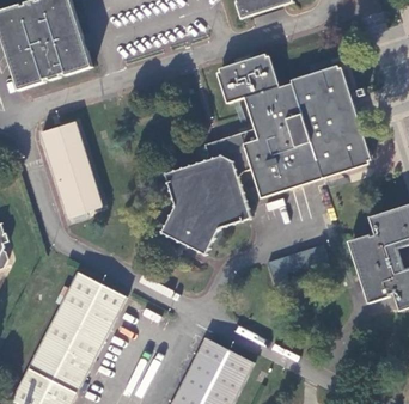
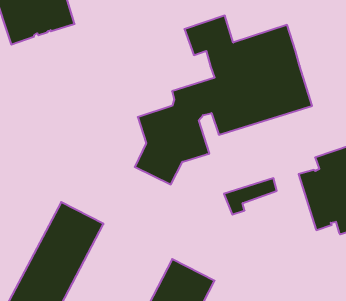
building: [41,120,102,215] -> none

